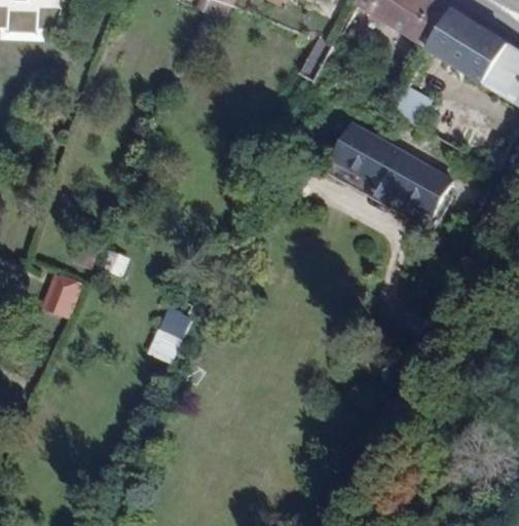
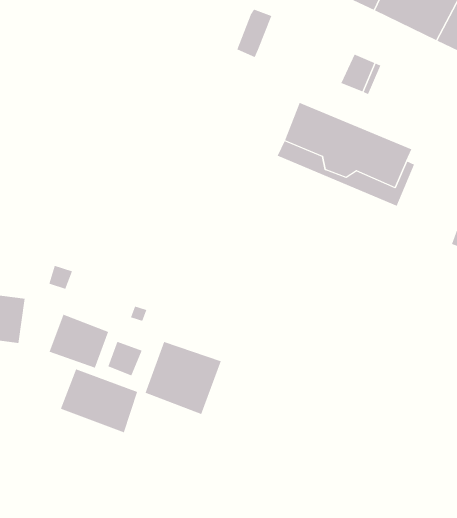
building: none -> [49,314,109,369]
building: none -> [145,341,222,415]
building: none -> [60,369,138,433]

